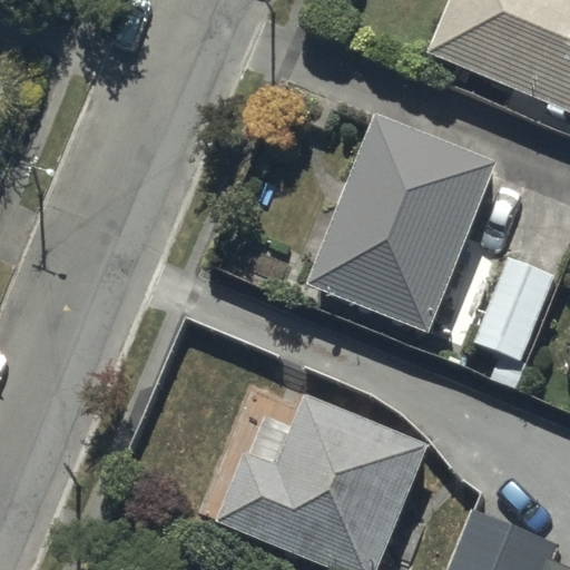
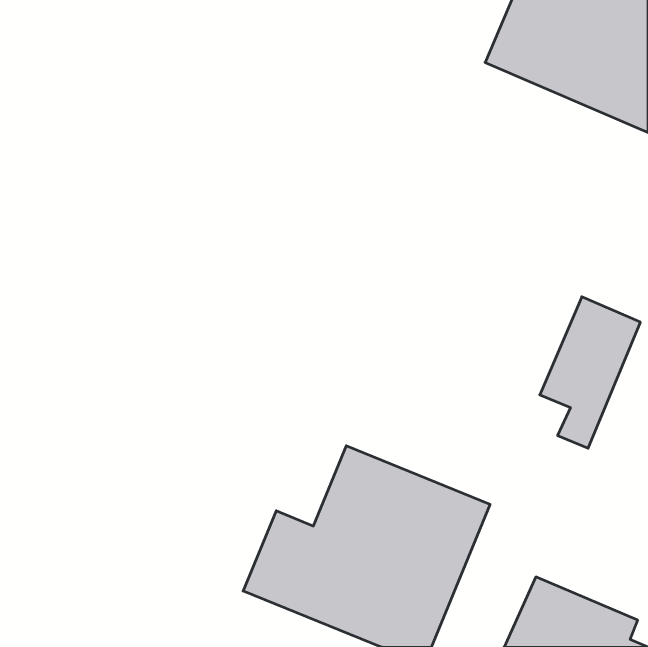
building: [307,117,498,337] -> none

